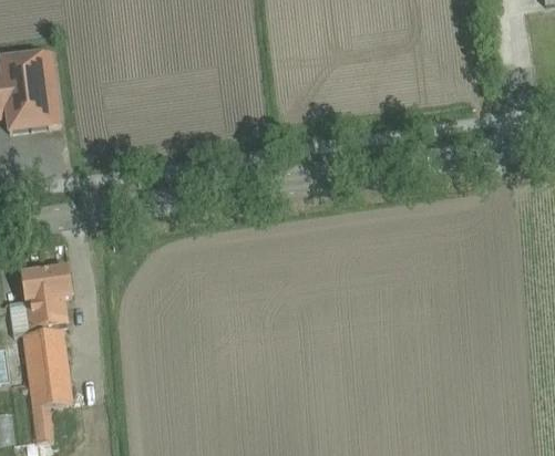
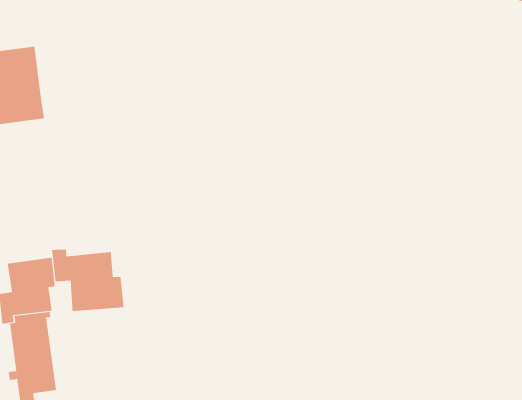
building: none -> [51,249,124,312]

